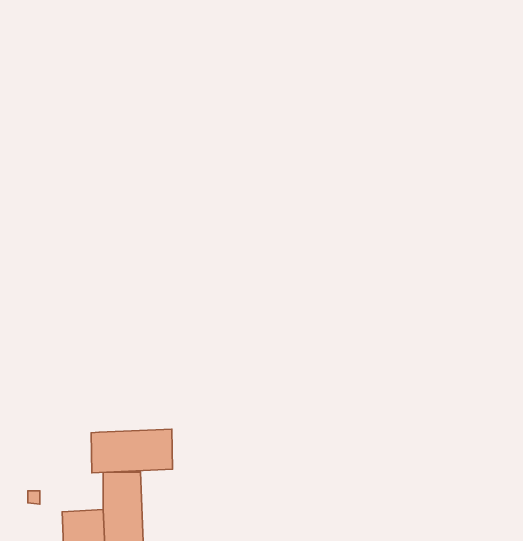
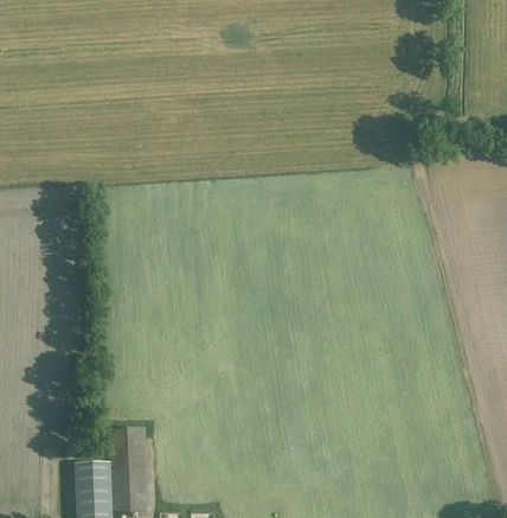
building: [91,429,172,473] -> none

